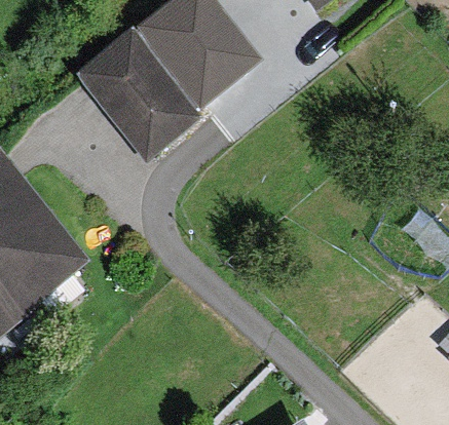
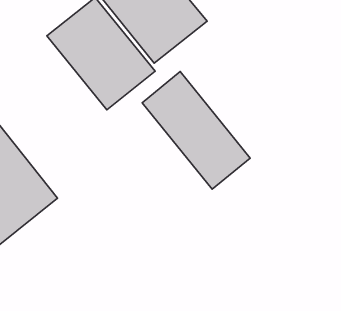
building: none -> [142,71,250,189]

